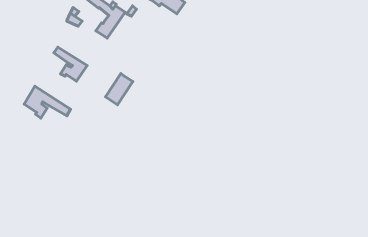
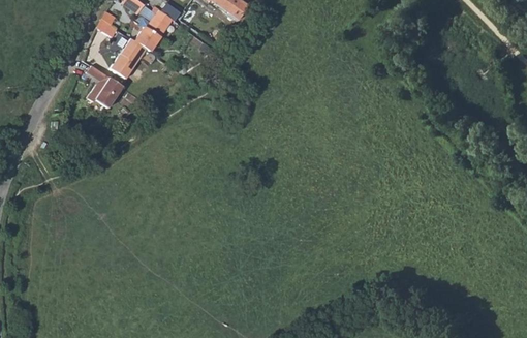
building: [105,73,133,105] -> [111,38,146,79]
building: [24,86,71,118] -> none

